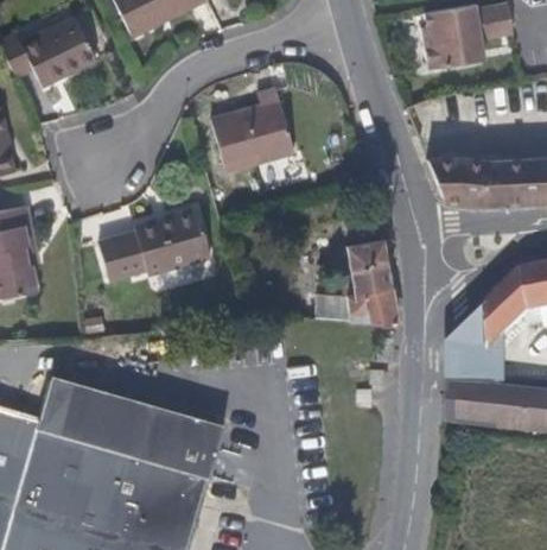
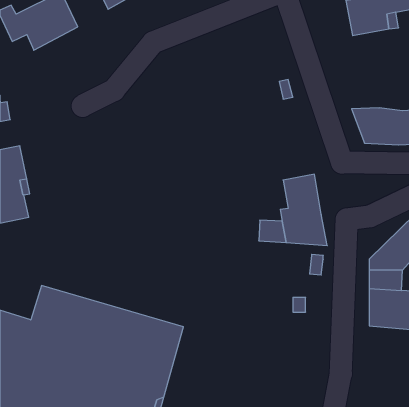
building: [210,88,294,172] -> none
building: [98,209,208,279] -> none

